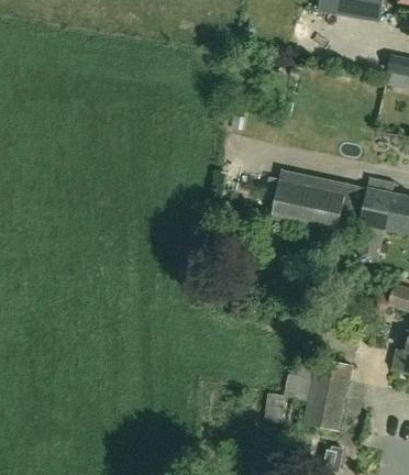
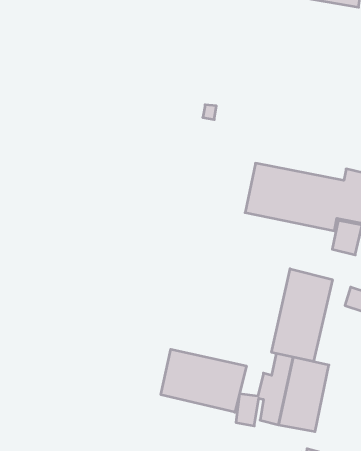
building: none -> [272,269,332,361]
building: none -> [161,349,246,412]

